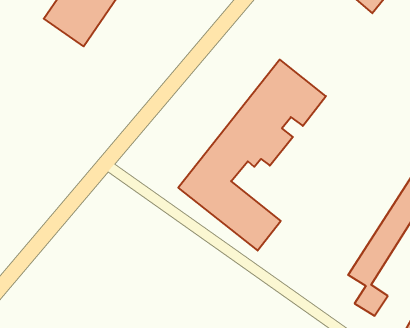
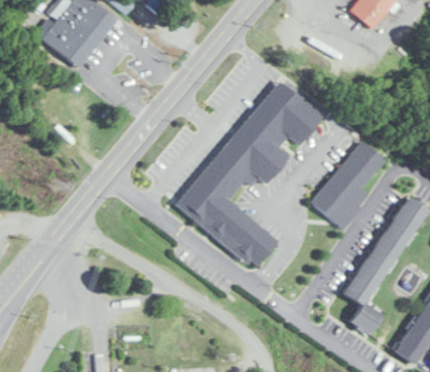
building: none -> [311,140,385,228]

